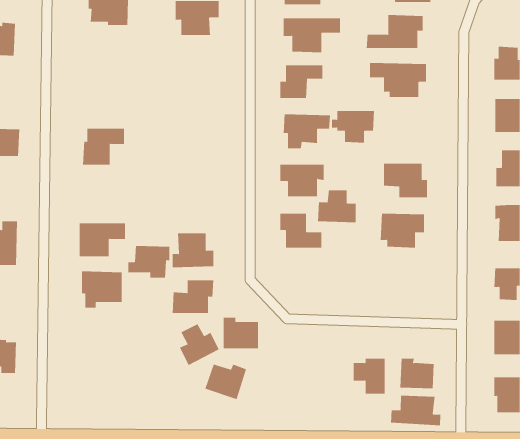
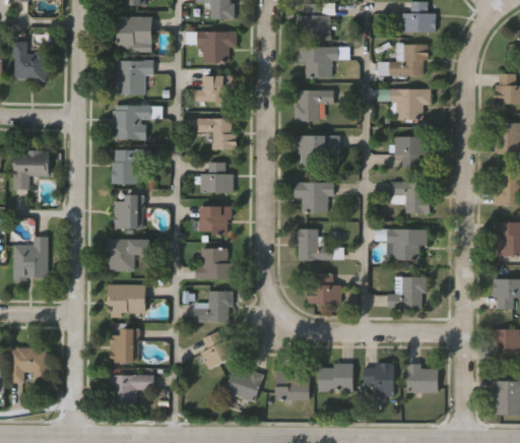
building: none -> [113,61,151,96]
building: none -> [193,75,235,106]
building: none -> [110,106,149,140]
building: none -> [195,117,236,149]
building: [331,111,375,143] -> [388,137,429,168]
building: none -> [193,161,235,191]
building: none -> [113,194,143,229]
building: [317,190,356,223] -> [307,273,343,304]
building: [128,245,170,278] -> [191,205,231,236]
building: none -> [386,276,427,308]
building: [223,317,259,349] -> [275,371,309,400]
building: none -> [111,327,140,362]
building: none -> [317,364,352,392]
building: none -> [106,375,155,409]
building: [391,395,441,426] -> none

